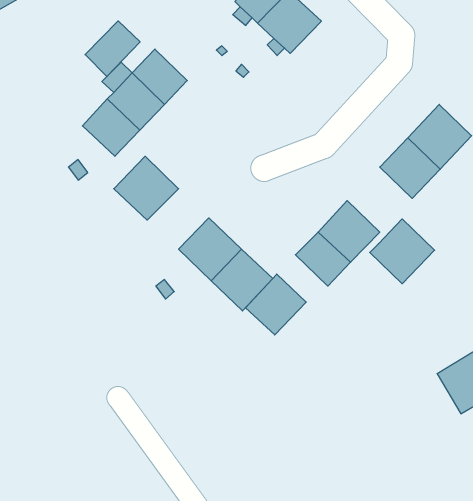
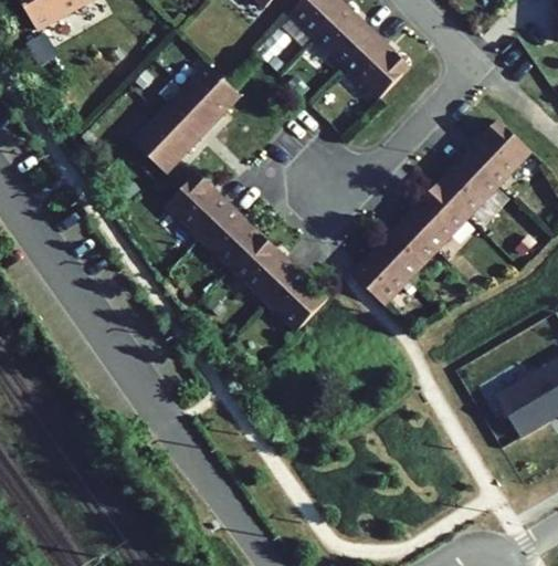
building: [85,21,140,77] -> none
building: none -> [346,35,410,101]
building: none -> [200,207,263,269]
building: [370,219,435,284] -> [404,185,471,251]
building: [245,274,306,335] -> none

